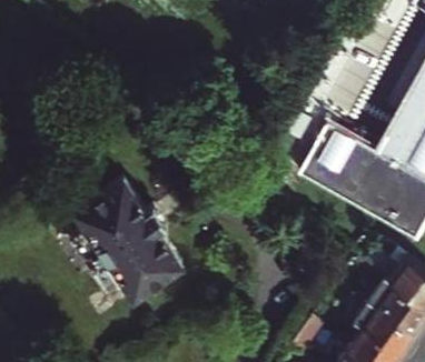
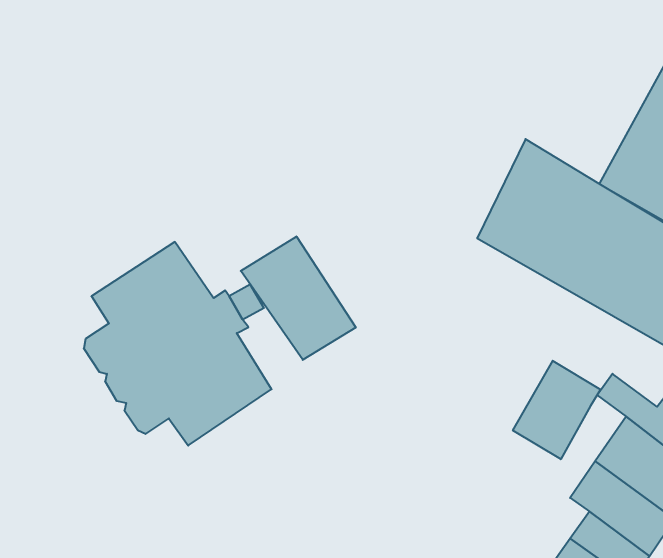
building: none -> [241,236,356,360]
building: none -> [513,361,601,459]

